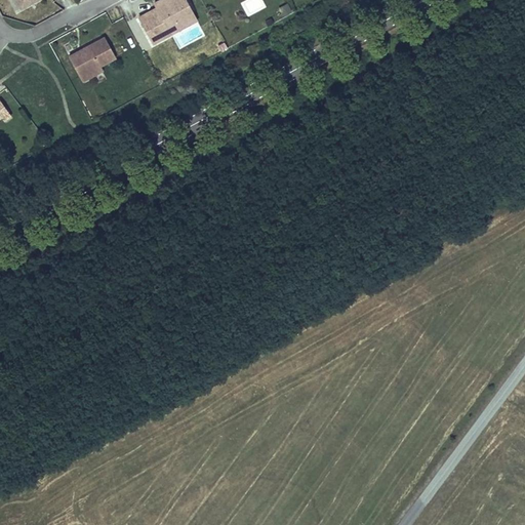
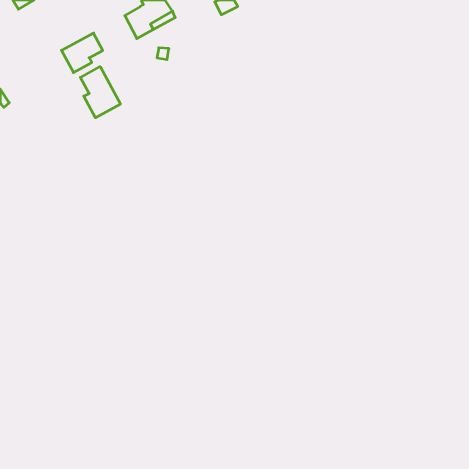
building: none -> [80,67,120,118]

